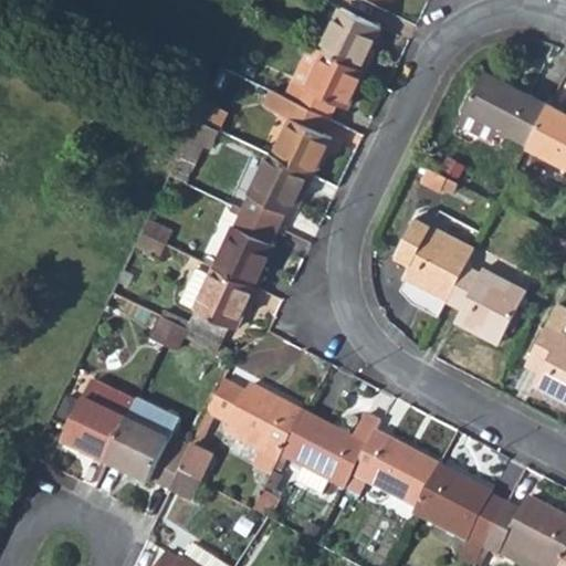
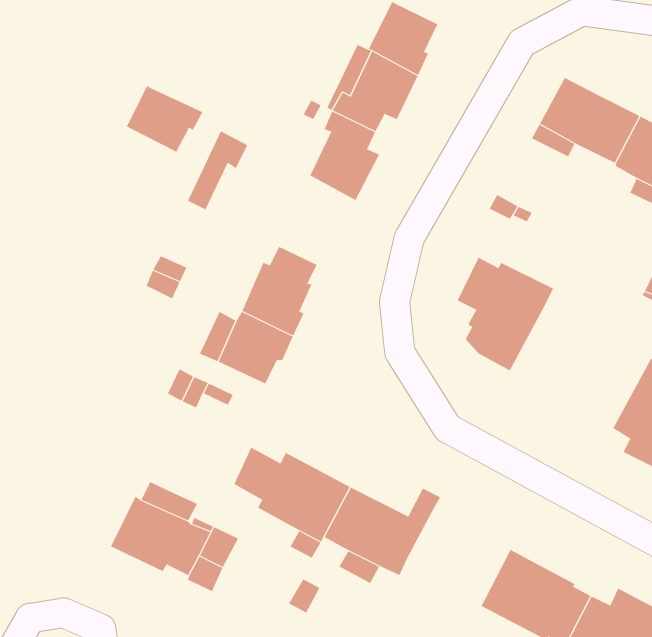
building: none -> [126,85,203,152]
building: [245,153,310,228] -> none
building: [446,265,526,344] -> none
building: [63,380,136,462] -> none
building: [353,431,438,505] -> none

